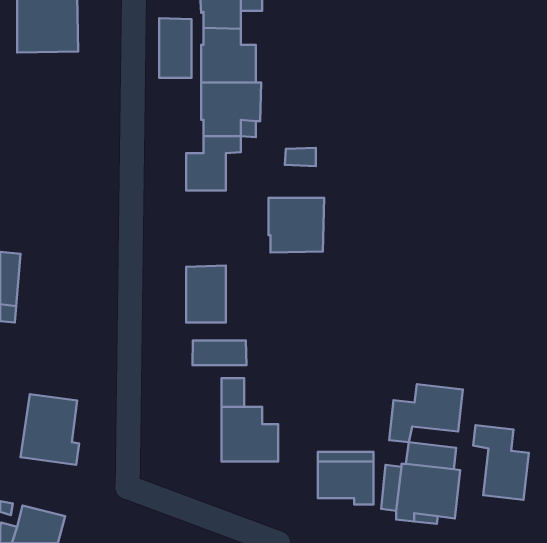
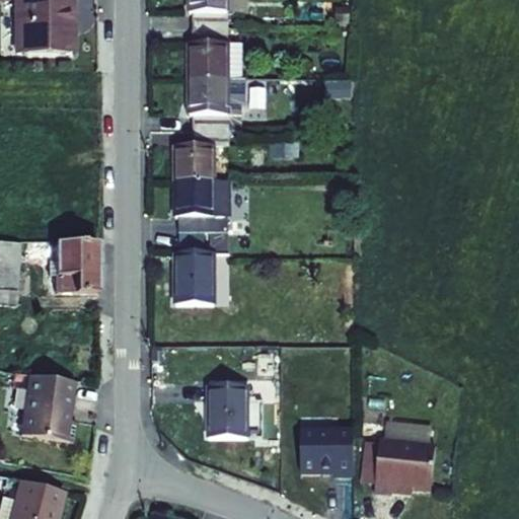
building: [159,18,191,78] -> none
building: [268,198,324,252] -> [176,180,229,232]
building: none -> [49,238,97,290]
building: [193,341,247,365] -> none
building: [389,384,463,442] -> none
building: [473,425,529,500] -> none

